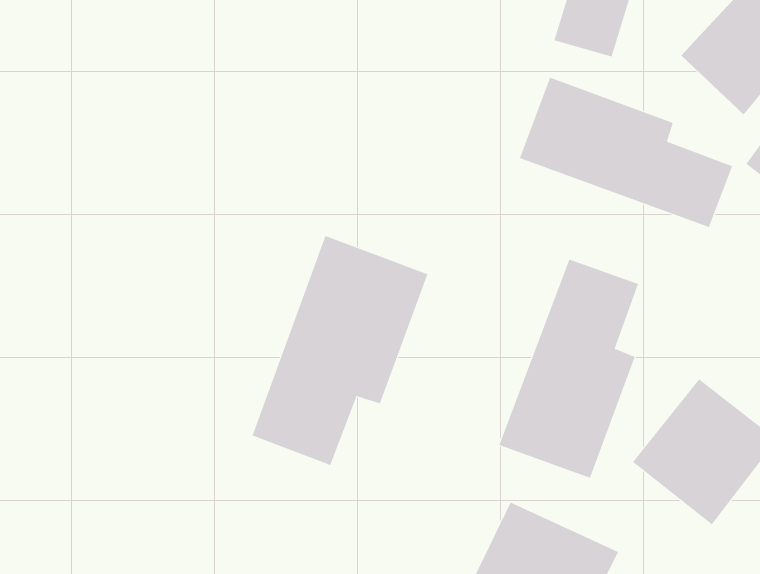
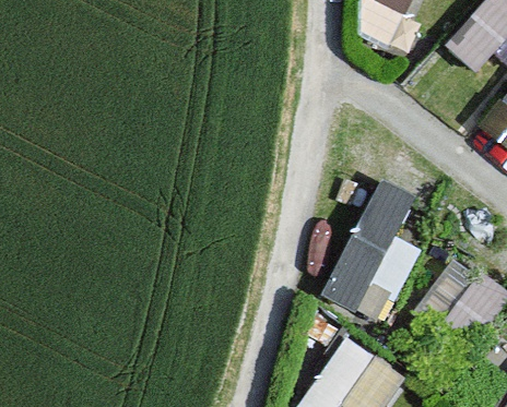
building: [519,77,733,228] -> none
building: [252,235,428,466] -> none

